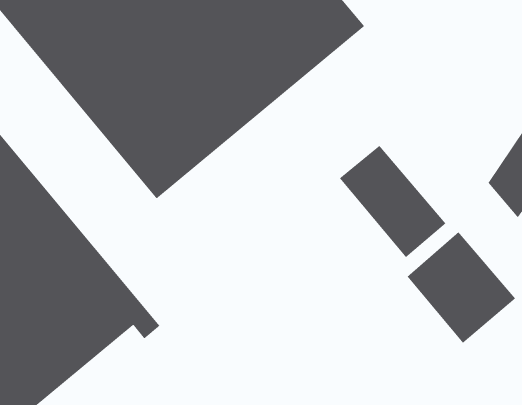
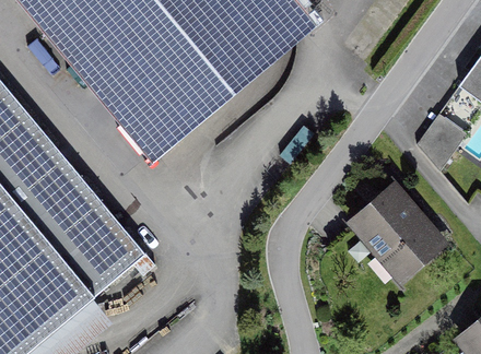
building: [339,145,447,258] -> none

